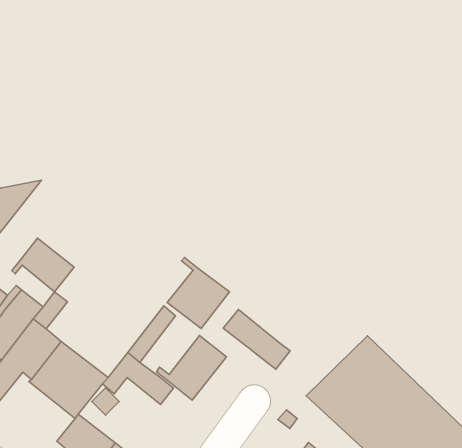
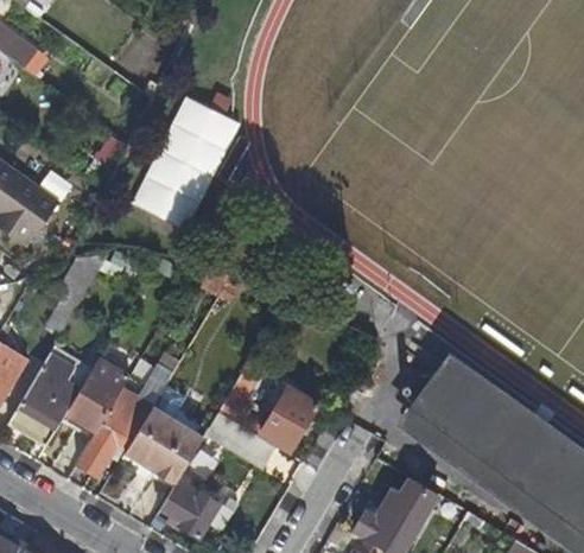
building: none -> [133,94,239,229]
building: [12,238,74,292] -> none
building: [167,258,229,329] -> none
building: [223,310,290,369] -> none

